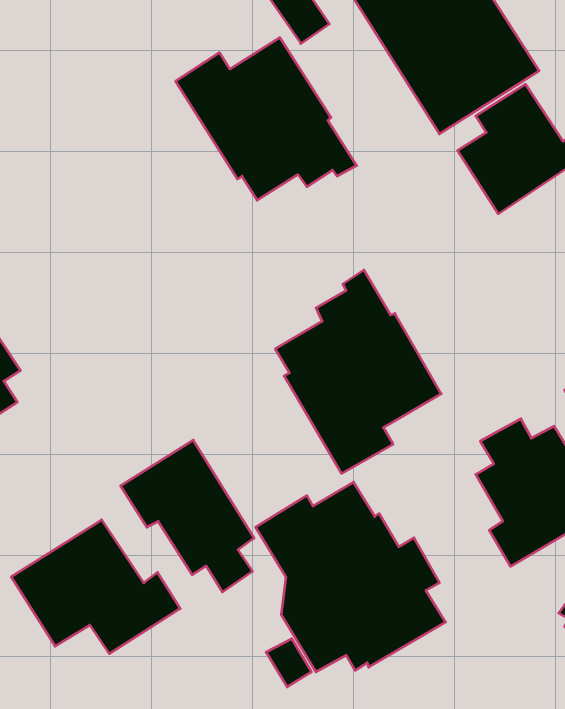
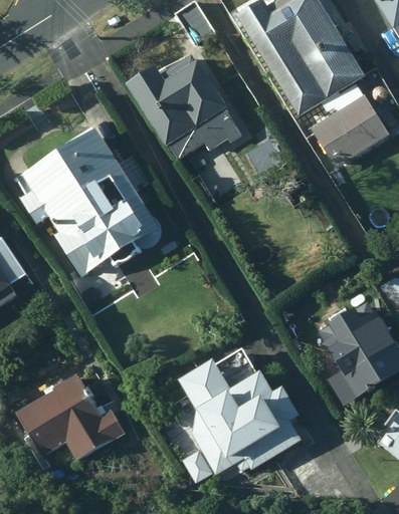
building: none -> [20,125,162,274]
building: [275,270,441,473] -> none
building: [121,440,254,592] -> none

